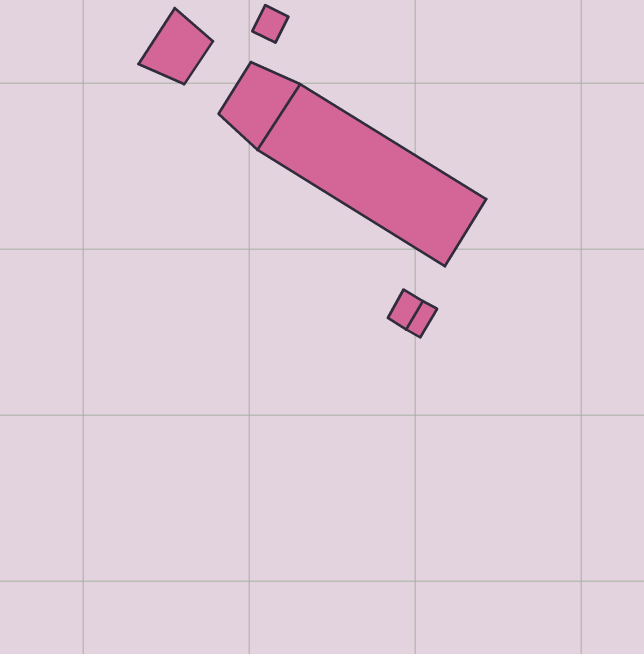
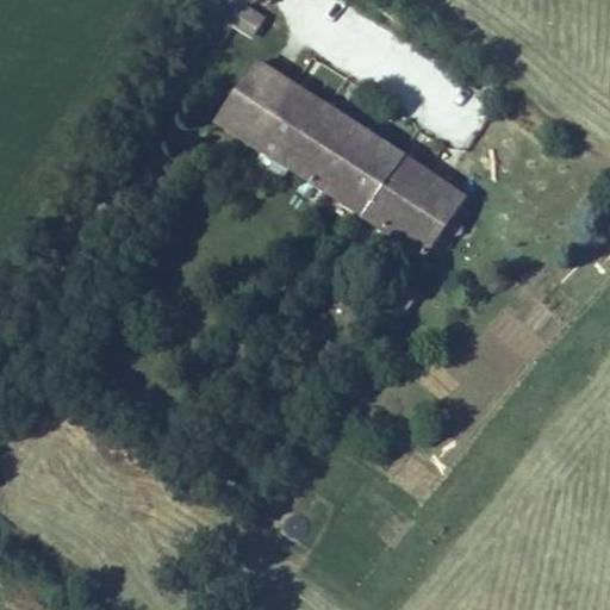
building: [138,8,213,84] -> none

